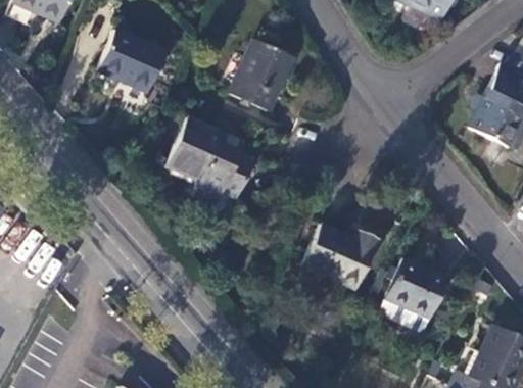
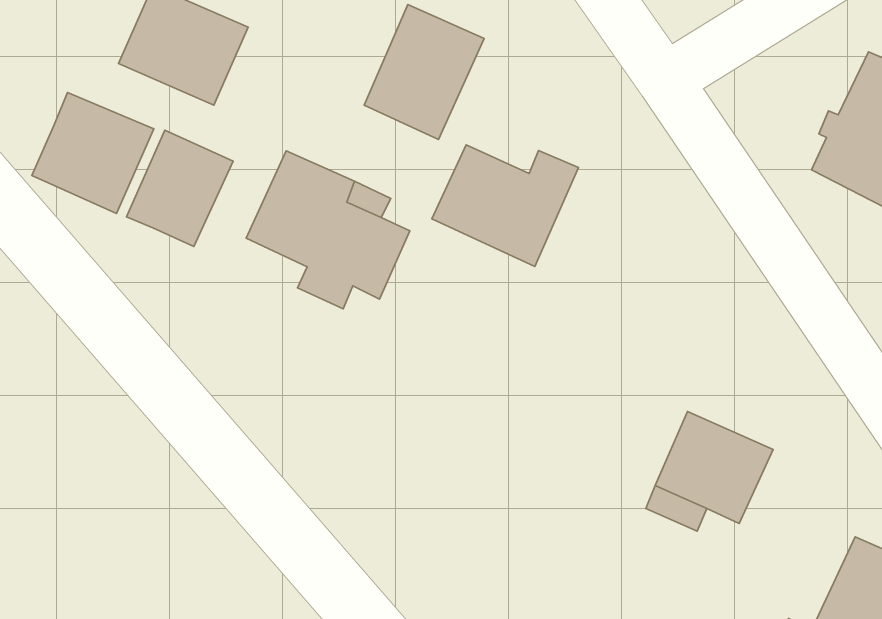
building: none -> [32,92,154,213]
building: none -> [126,130,233,247]
building: [301,226,380,291] -> [432,145,579,267]

